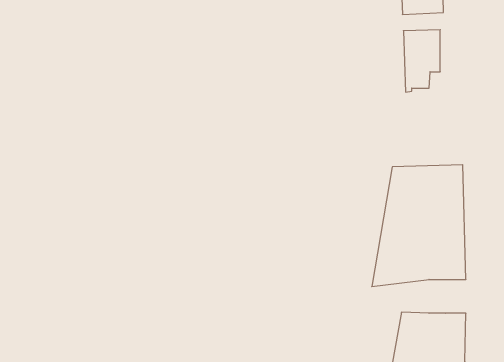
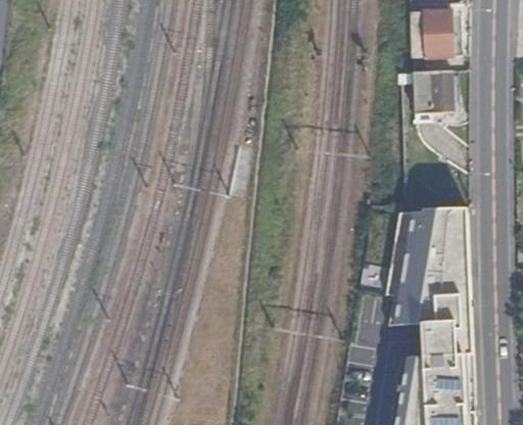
building: none -> [434,321,471,355]

